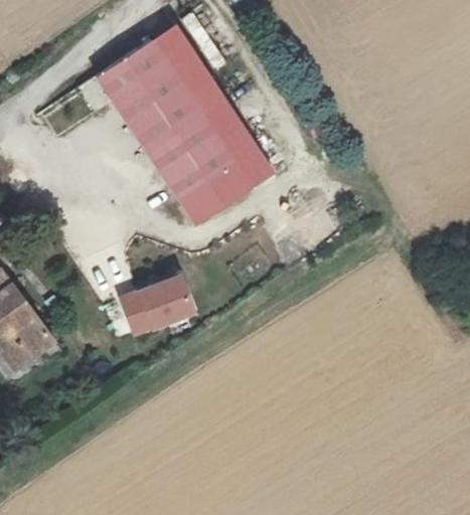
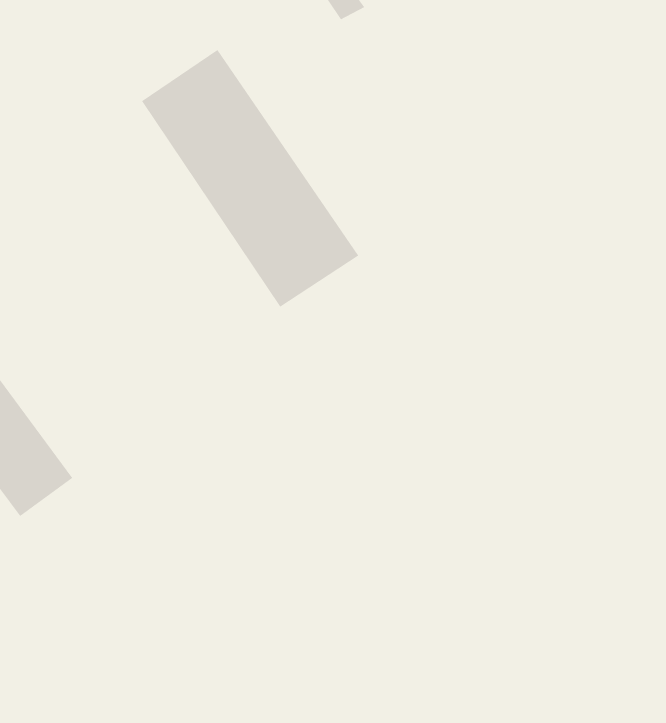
building: [153,26,274,185] -> none
building: [114,281,189,340] -> none

